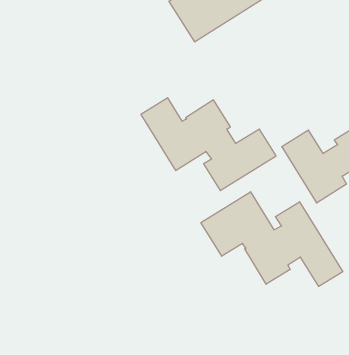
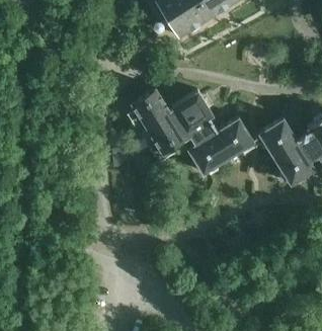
building: [201,192,343,286] -> none

